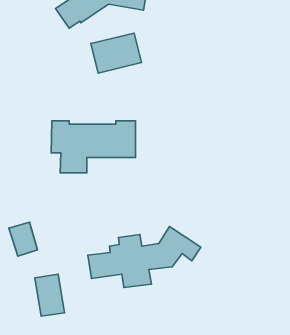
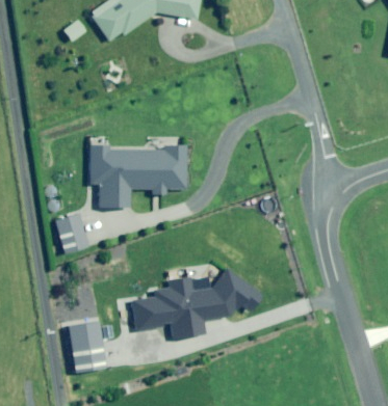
building: [91,33,142,73] -> none
building: [9,222,38,256] -> [55,213,88,252]

